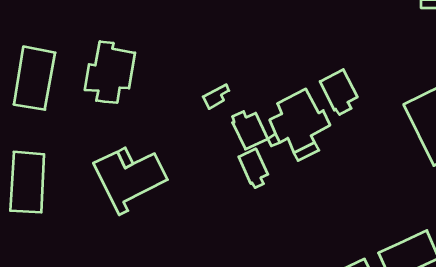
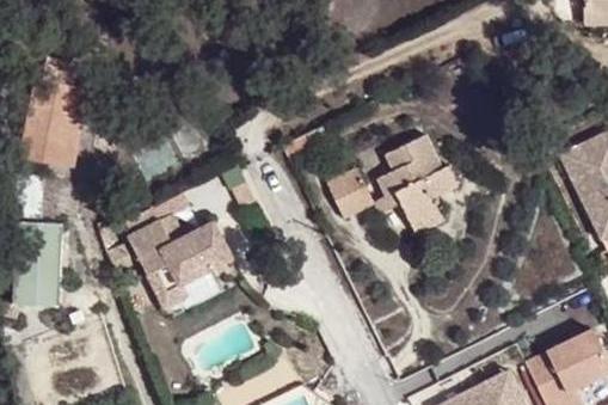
building: [85,41,135,103] -> none
building: [320,69,357,115] -> none
building: [239,149,268,188] -> none

